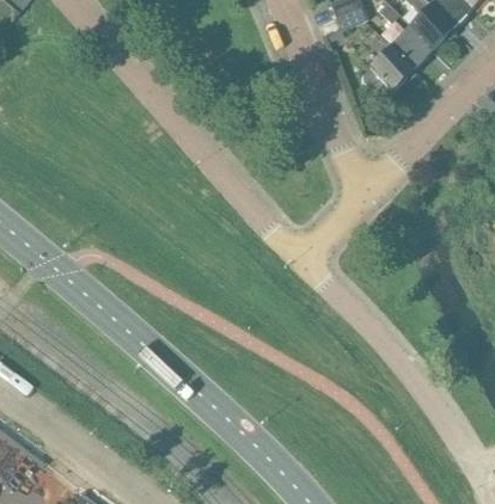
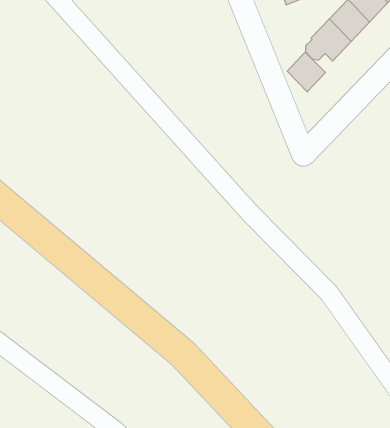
building: none -> [287,52,325,92]

